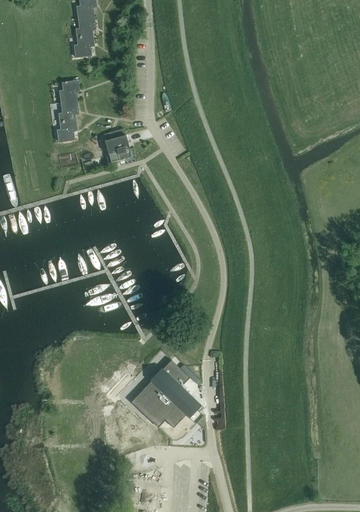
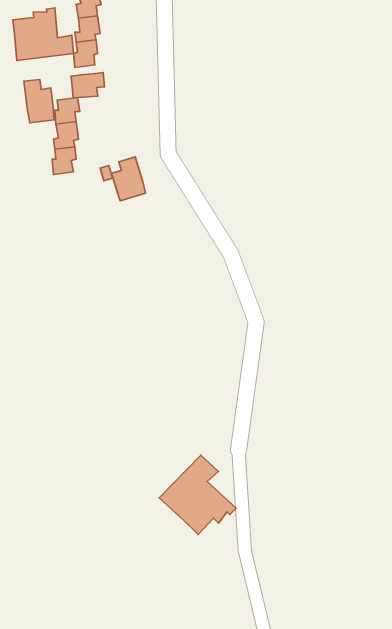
building: none -> [13,8,74,61]
building: none -> [71,73,104,98]
building: none -> [24,79,54,123]

